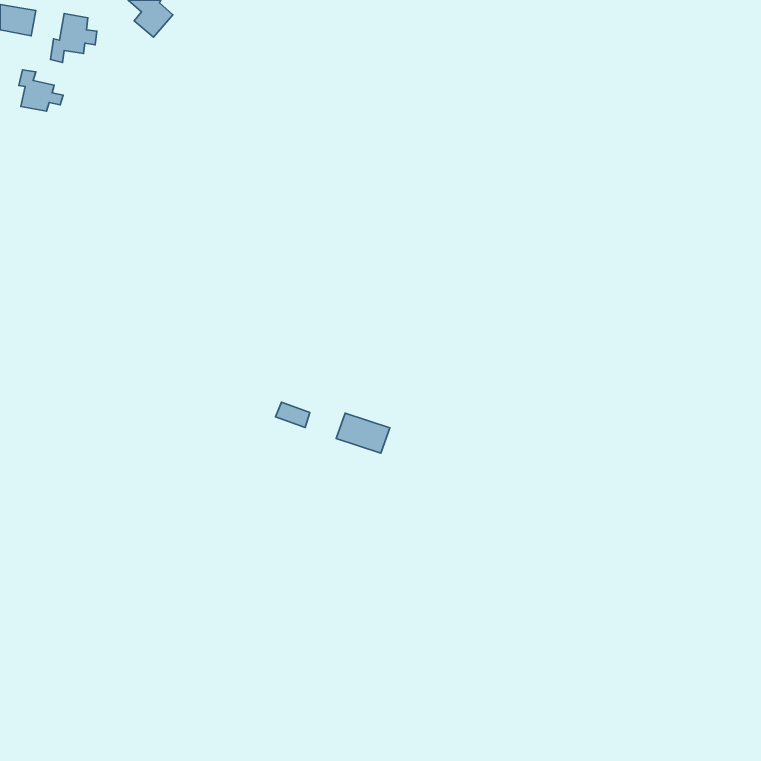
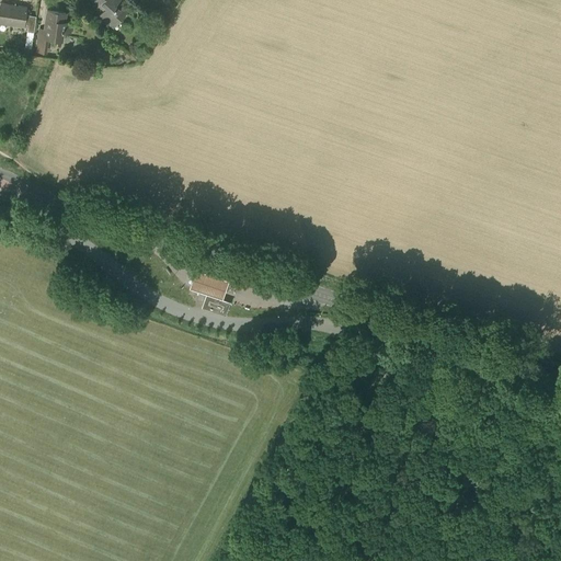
building: [19,70,63,111] -> none
building: [336,413,390,453] -> [188,268,228,298]

